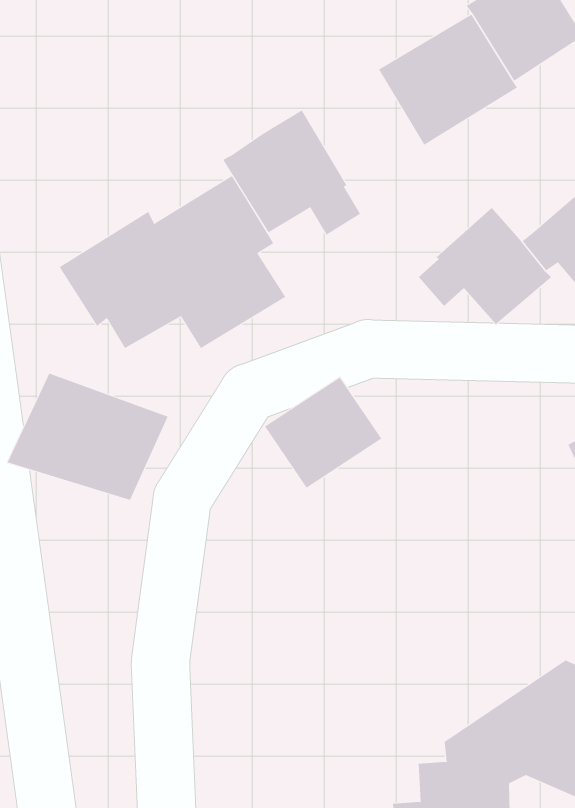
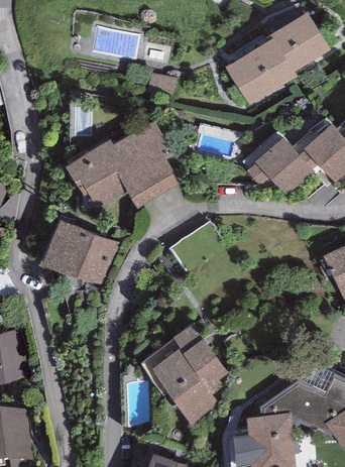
building: [222,110,361,235] -> none
building: none -> [149,323,227,425]

